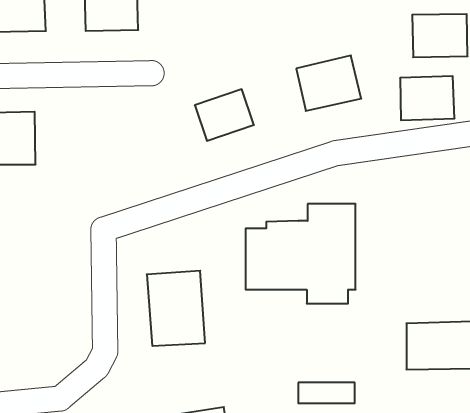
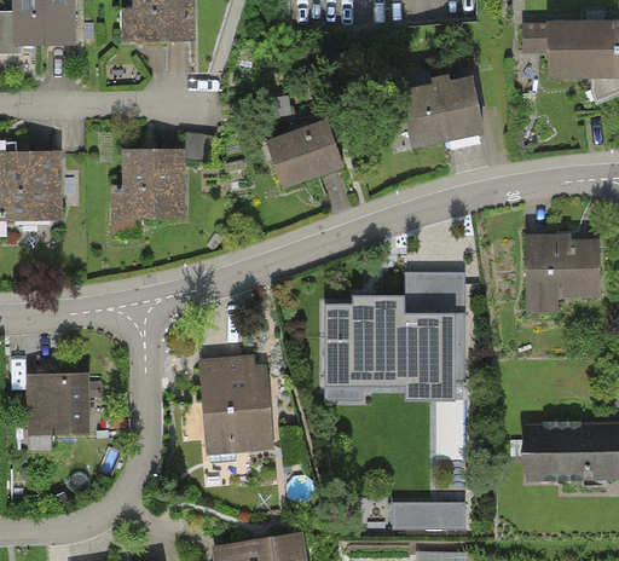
building: [400,76,455,120] -> [531,236,601,293]
building: none -> [116,151,180,221]
building: none -> [24,374,87,450]

